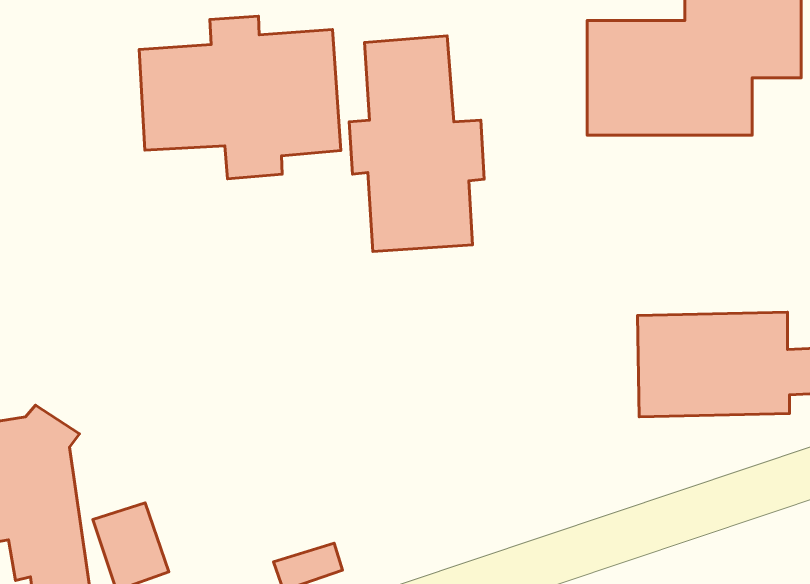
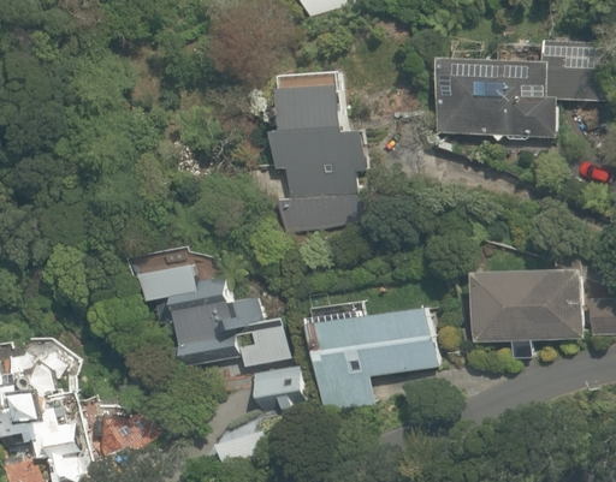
building: [139,16,341,179] -> none
building: none -> [132,237,302,403]
building: none -> [308,299,436,407]

